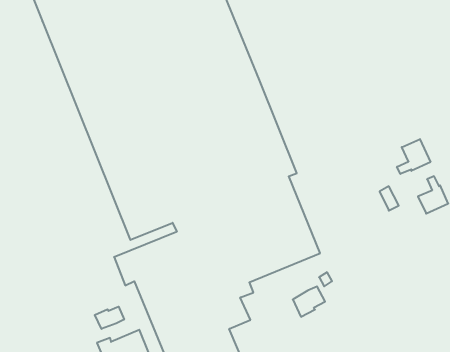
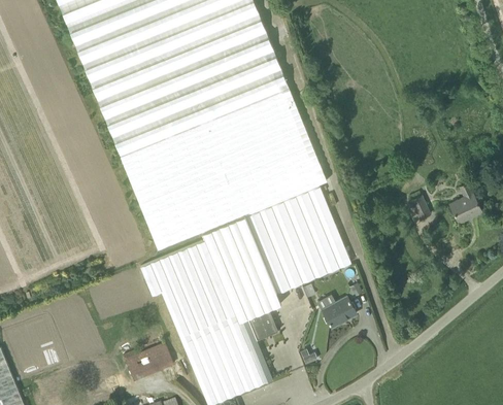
building: [397,139,430,174] -> none
building: [95,307,124,329] -> none

